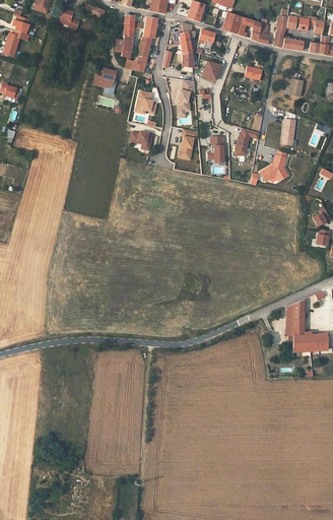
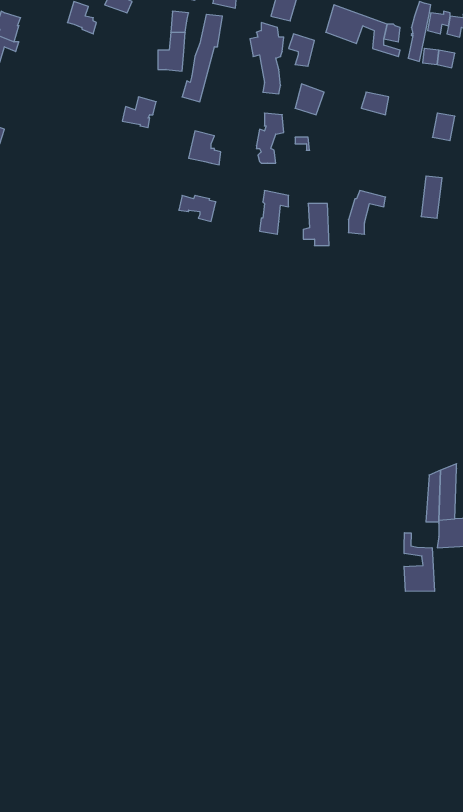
building: [260,151,287,181] -> none
building: none -> [404,533,435,591]

